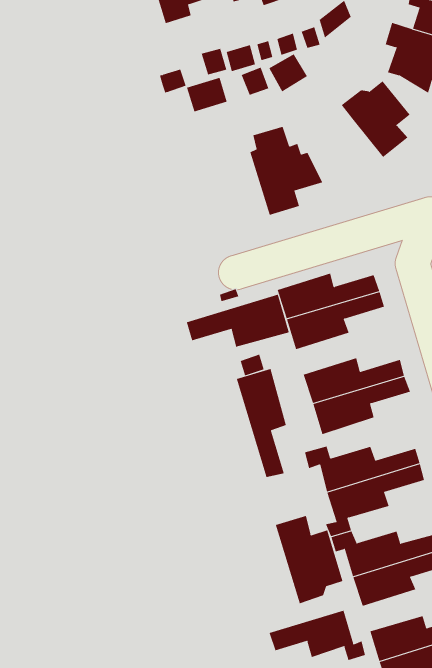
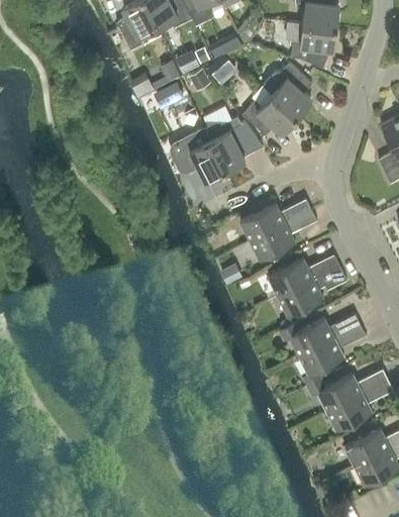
building: none -> [243,94,298,135]
building: none -> [172,129,226,181]
building: [186,294,290,348] -> none
building: [236,368,287,478] -> none
building: [275,515,343,604] -> none
building: [269,610,365,661] -> none

